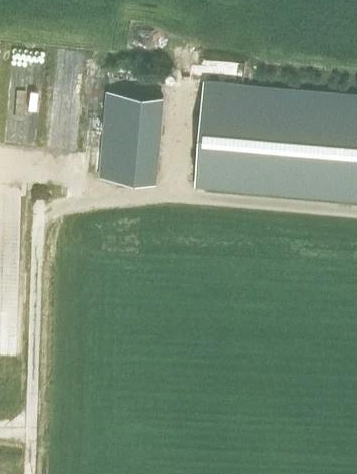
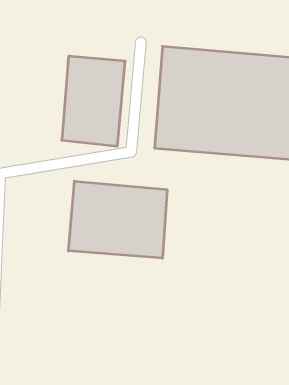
building: none -> [68,181,167,258]

